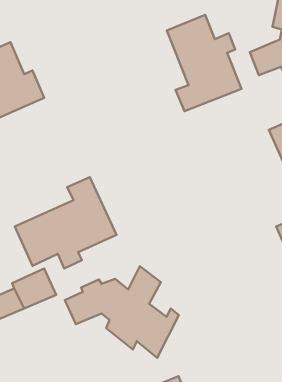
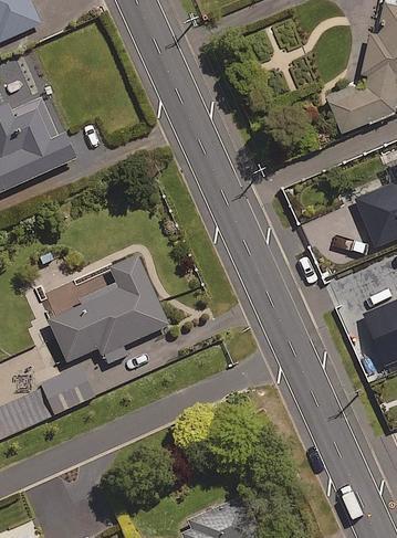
building: [167,15,241,111] -> none
building: [65,266,179,358] -> none

